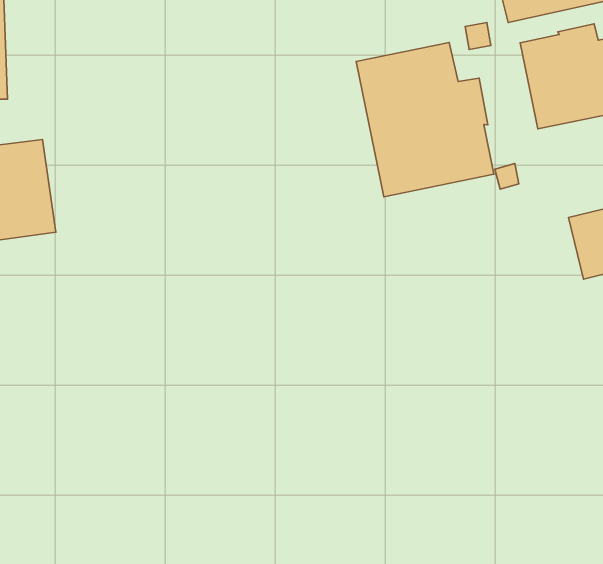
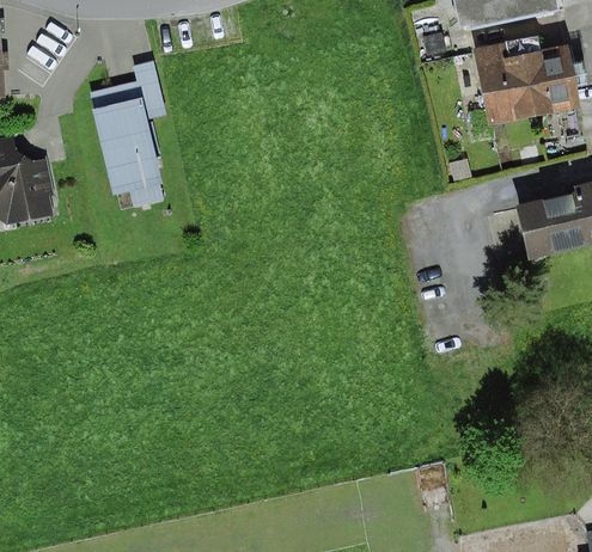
building: [356,43,494,197] -> none
building: none -> [92,65,172,194]

